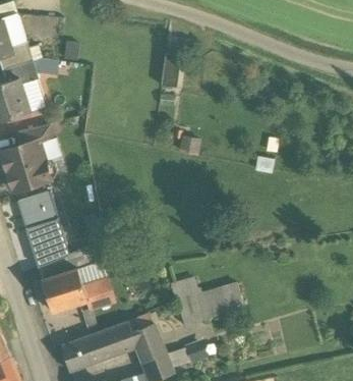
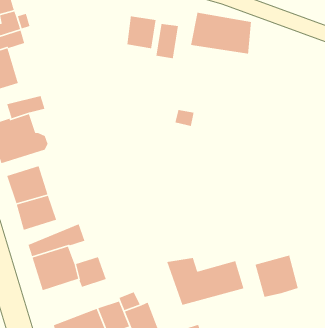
building: none -> [190,12,252,55]
building: none -> [126,15,156,49]
building: none -> [255,255,299,298]

